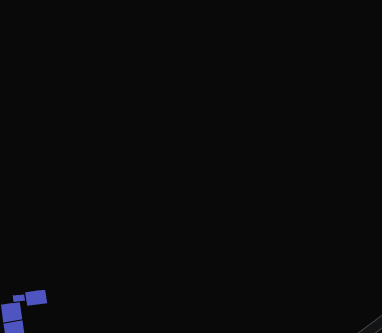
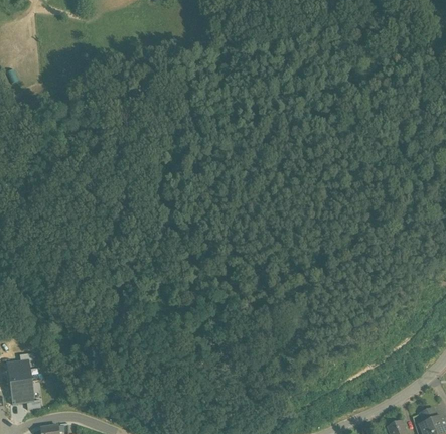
building: [25,289,48,307] -> none

